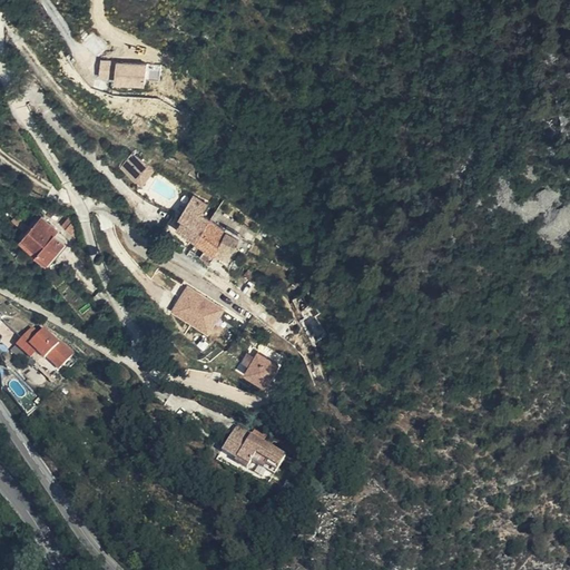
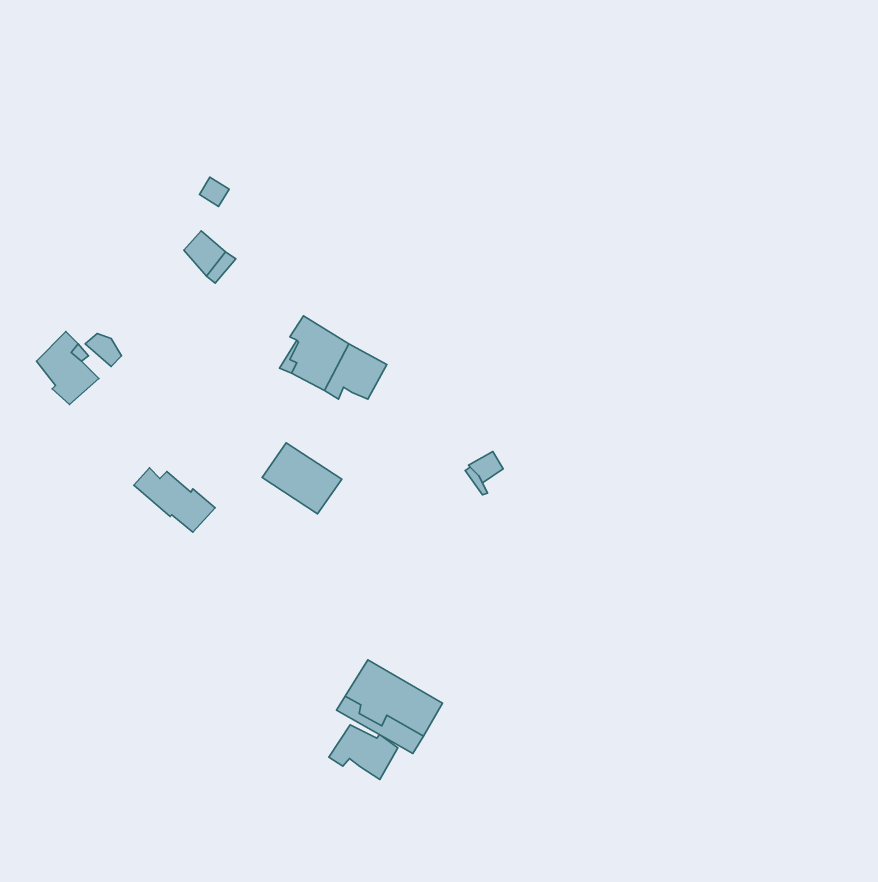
building: [96,59,144,83] -> none
building: [28,331,80,372] -> [134,468,215,532]
building: [240,353,275,387] -> none
building: none -> [329,725,398,779]

